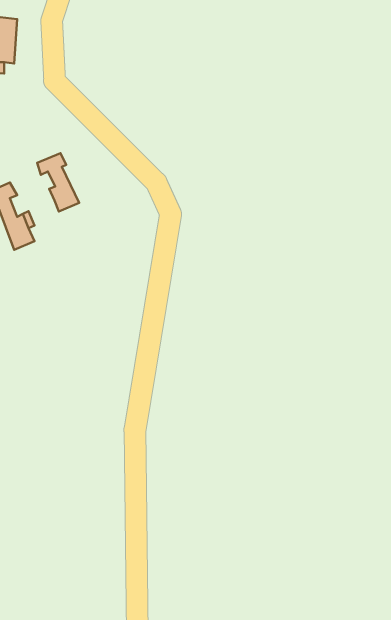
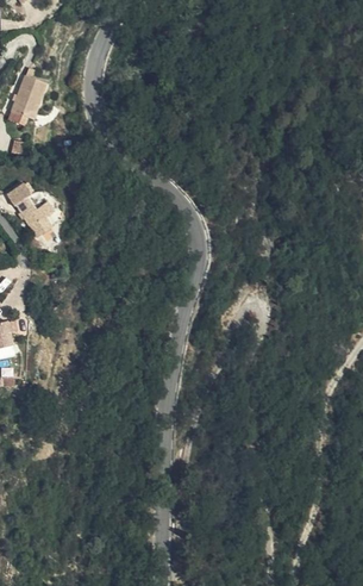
building: [37,153,79,211] -> none

